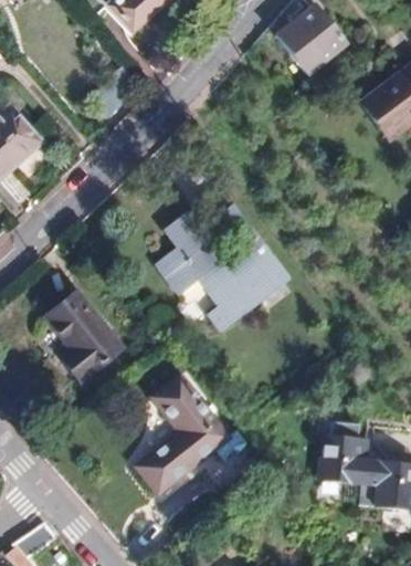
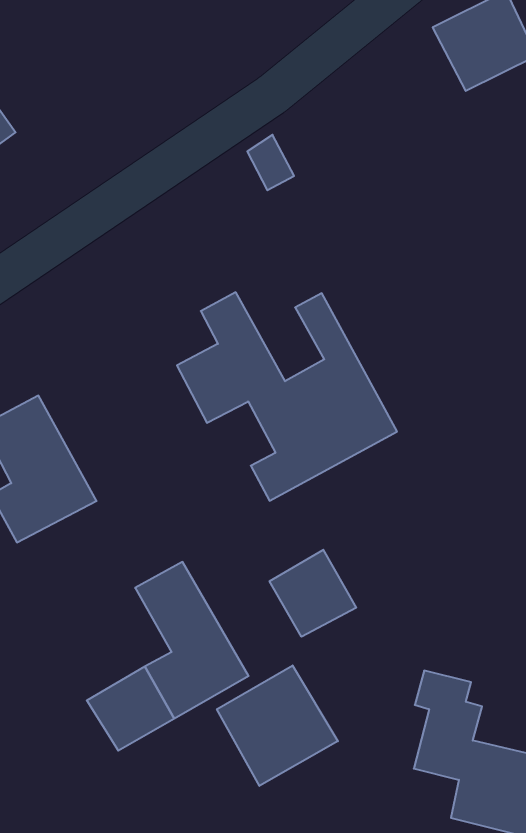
building: none -> [270,550,356,637]
building: none -> [217,665,338,786]

